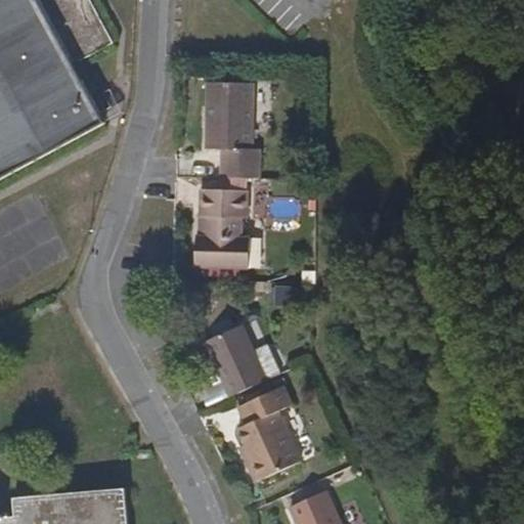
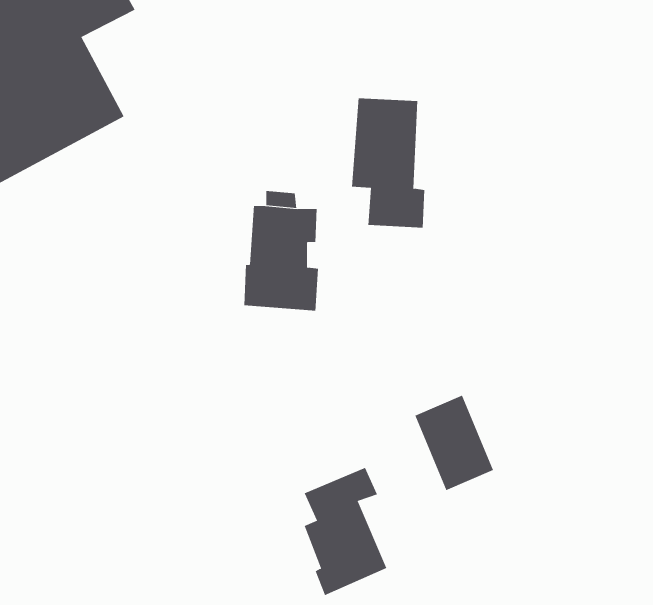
building: [205,82,260,179] -> [351,98,425,228]
building: [206,324,265,396] -> [414,395,494,491]

